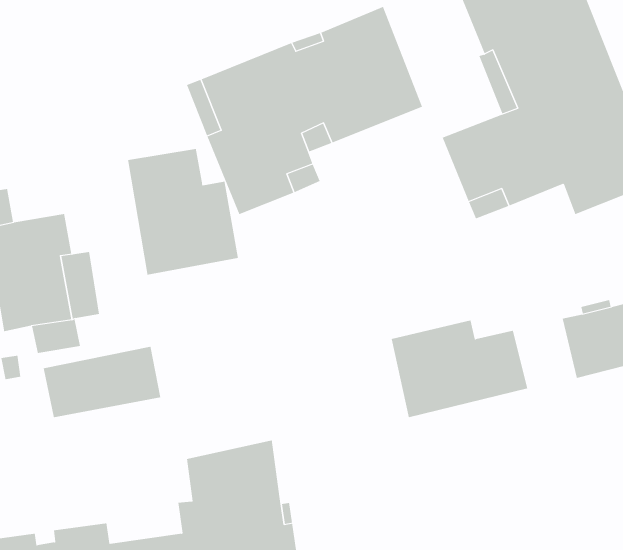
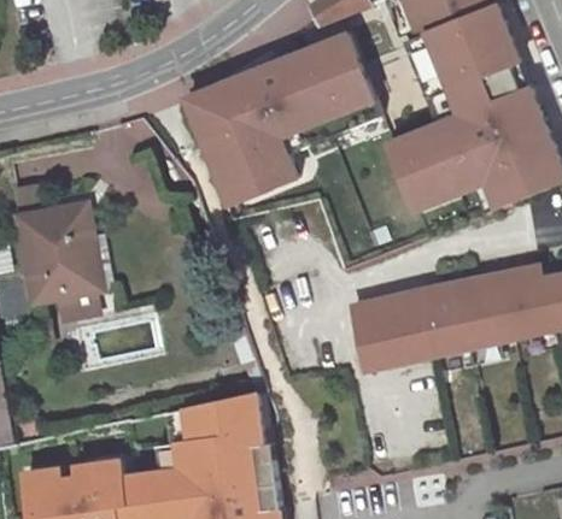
building: [128,148,239,275] -> none
building: none -> [451,290,503,348]

